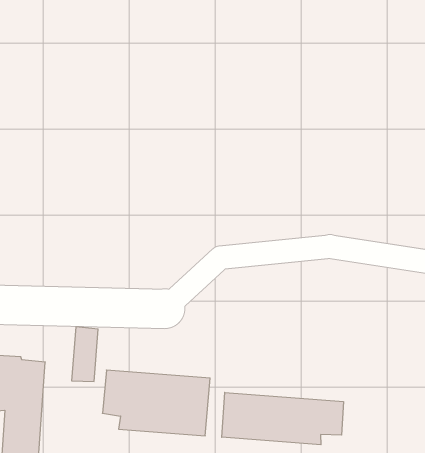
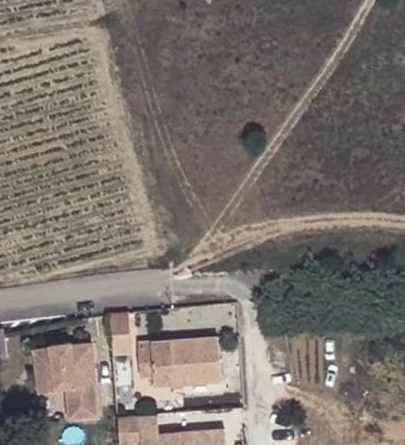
building: [222,392,343,445] -> none

